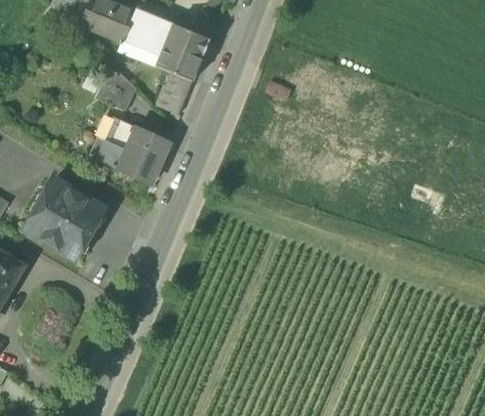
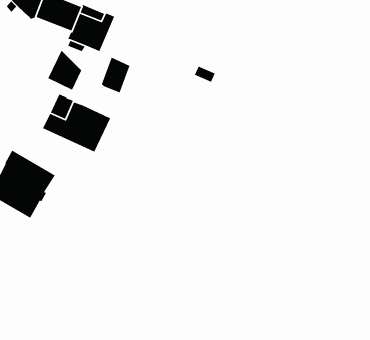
building: [157,25,210,81] -> none

